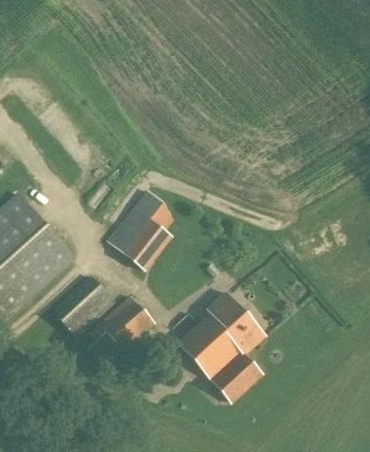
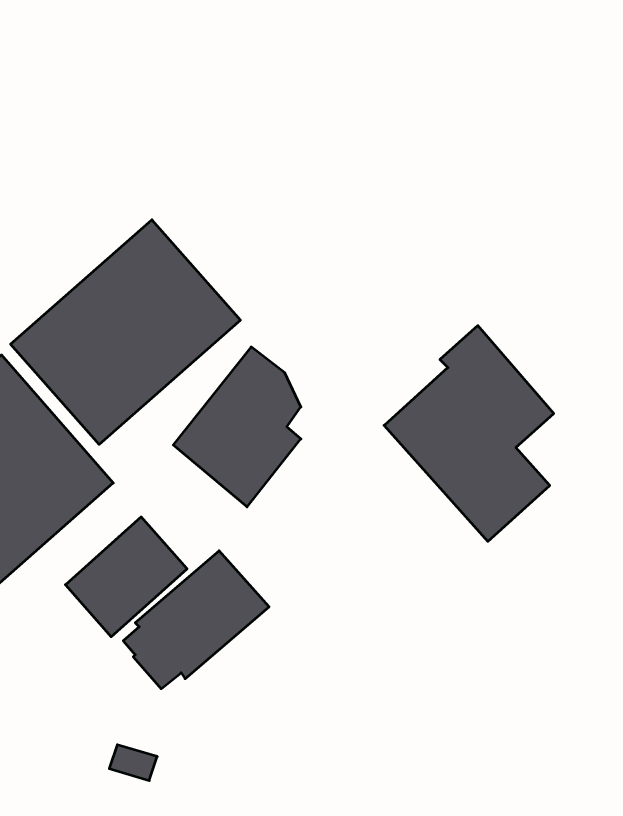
building: none -> [11,220,240,444]
building: [178,291,266,402] -> [384,326,554,541]

